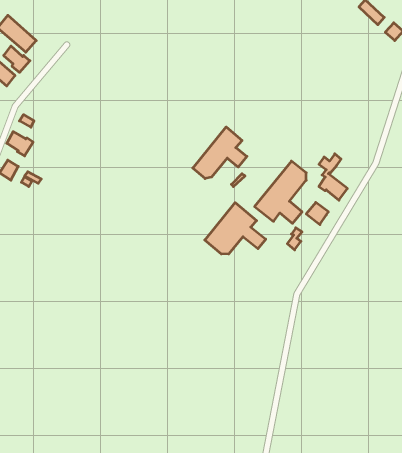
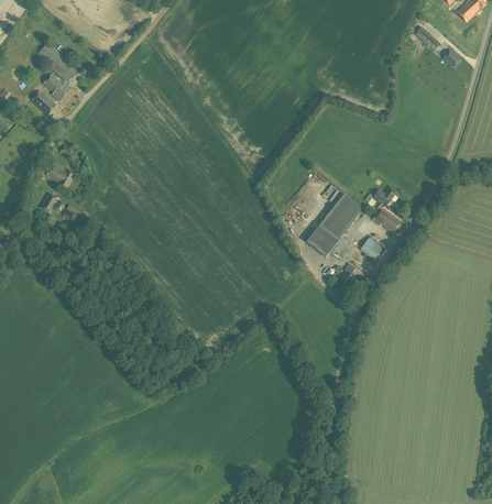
building: [193,127,247,179] -> none
building: [205,203,266,254] -> none

